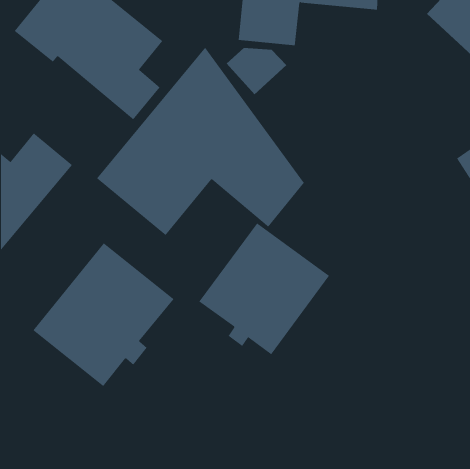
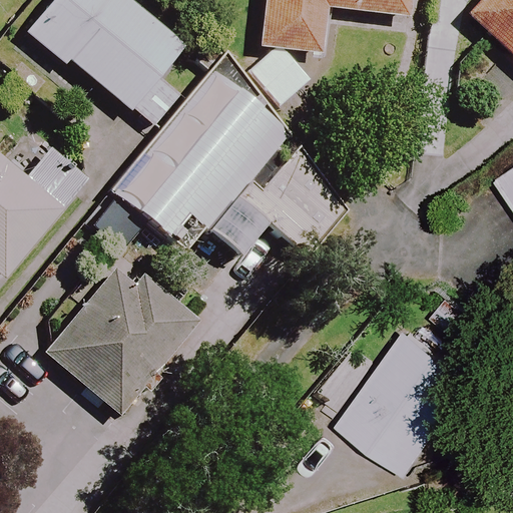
building: [198,222,330,355] -> none
building: none -> [342,322,479,466]

